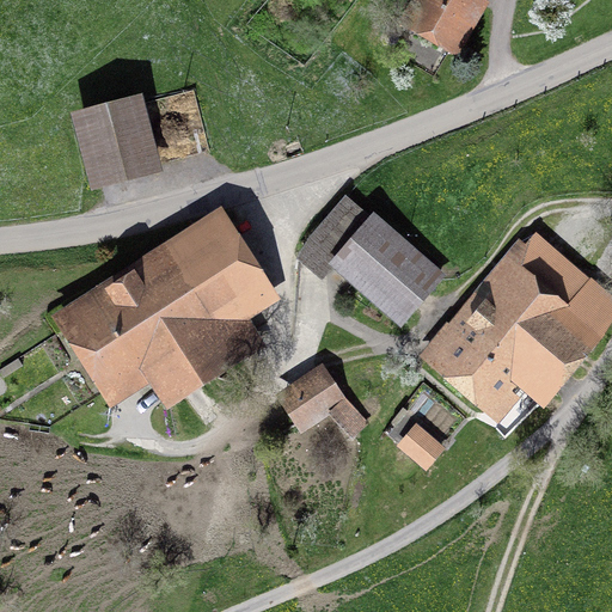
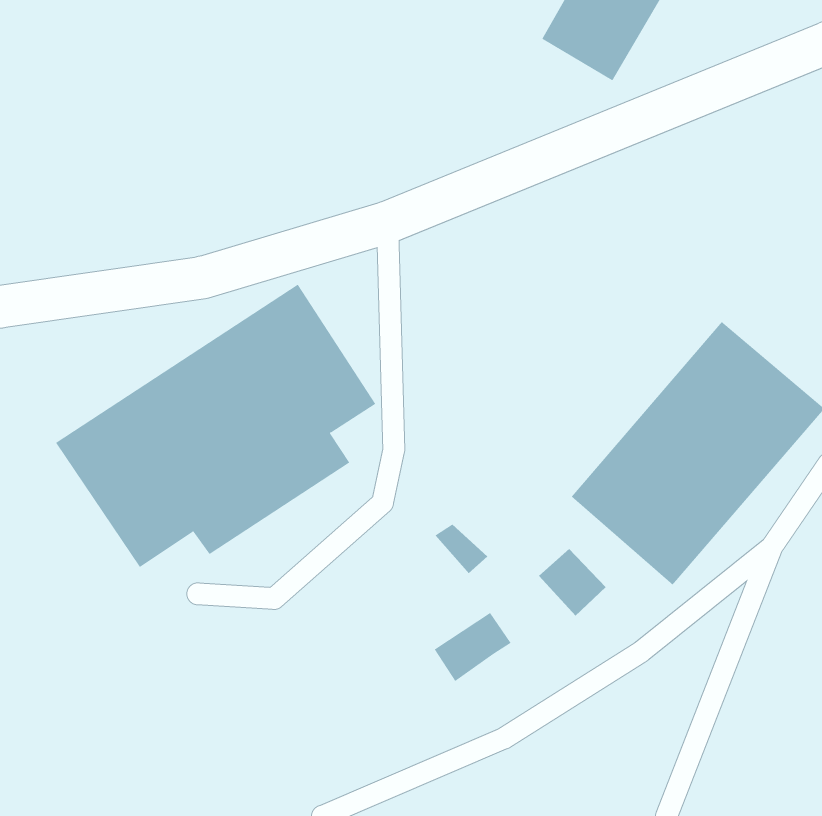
building: [62,93,157,189] -> none
building: [305,186,437,313] -> none
building: [281,363,338,415] -> [434,612,512,682]

